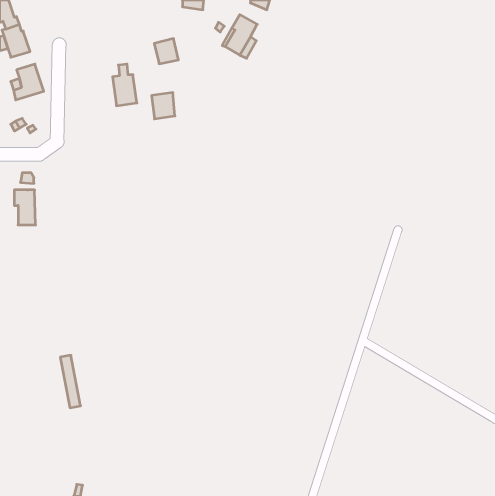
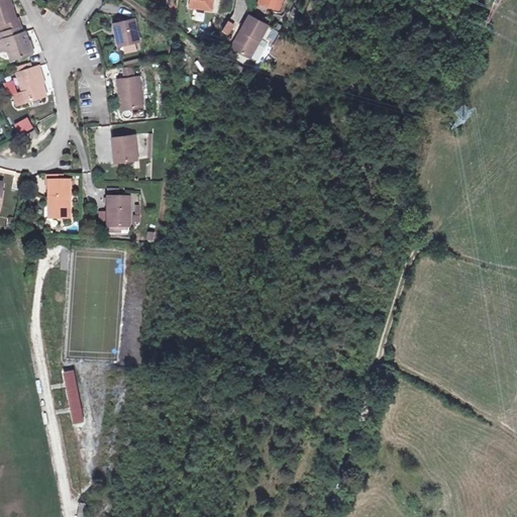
building: [154,39,178,64] -> [113,19,138,45]
building: [152,93,175,119] -> [112,135,136,163]
building: none -> [106,197,129,226]
building: [14,190,36,225] -> [47,181,70,217]

